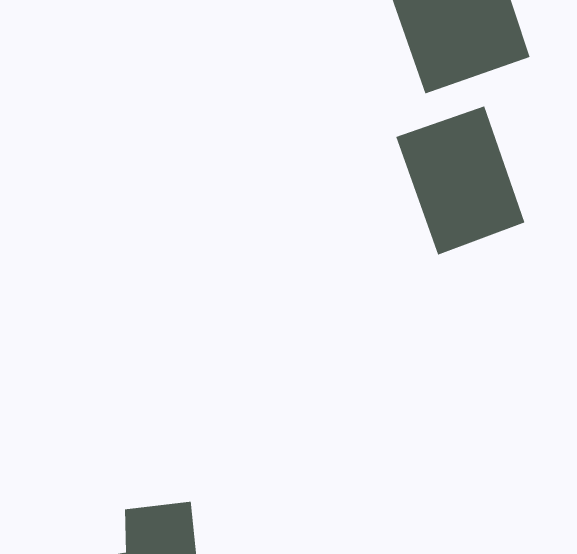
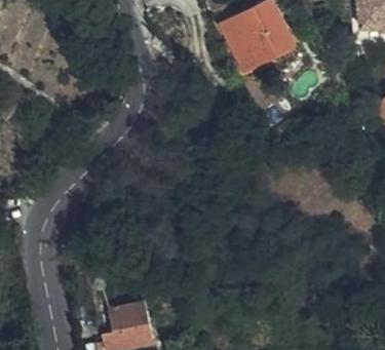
building: [396,106,525,255] -> none

